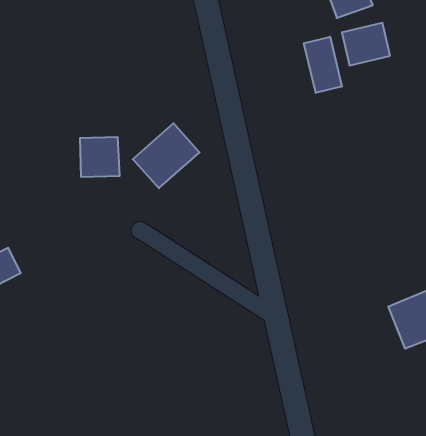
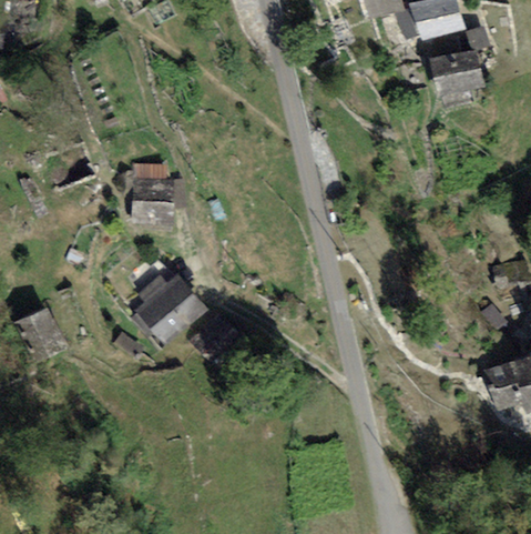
building: [304,37,342,93] -> none
building: [133,123,200,188] -> [133,273,210,347]

